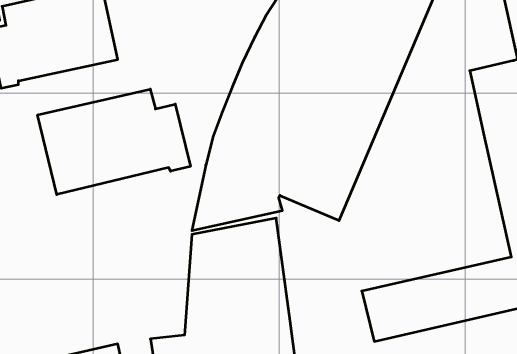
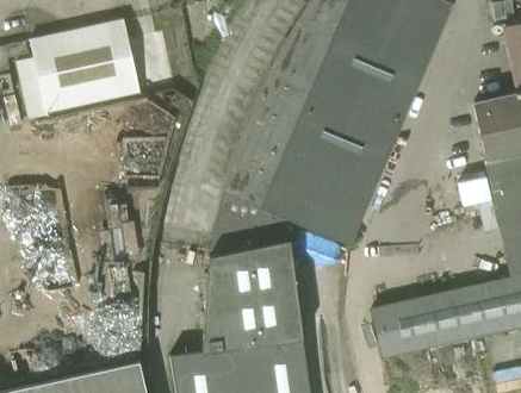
building: [38,89,190,195] -> none

